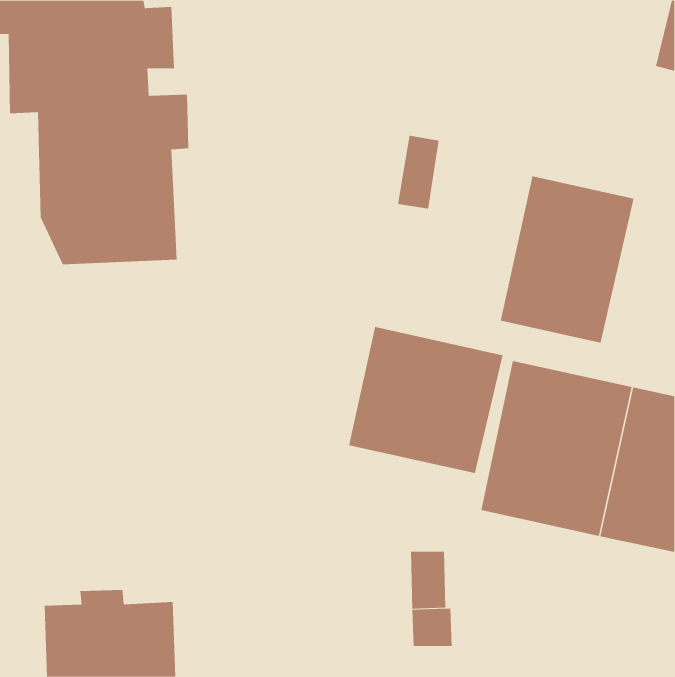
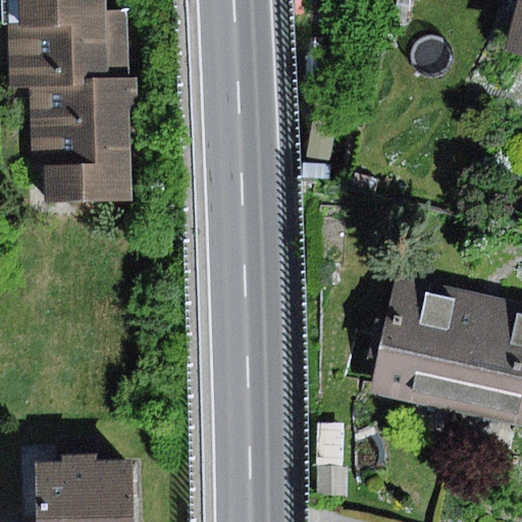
building: [500,176,634,343] -> none
building: [348,326,503,474] -> none

